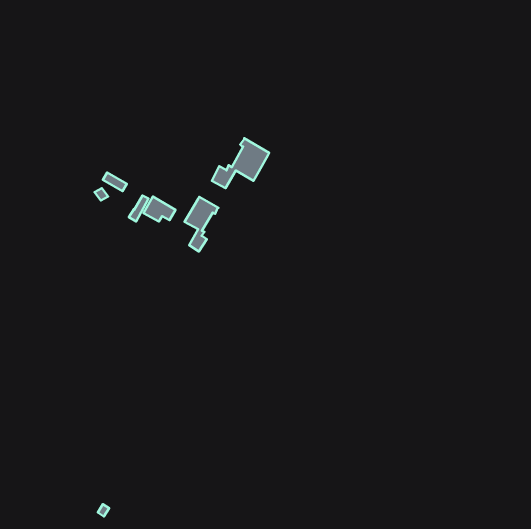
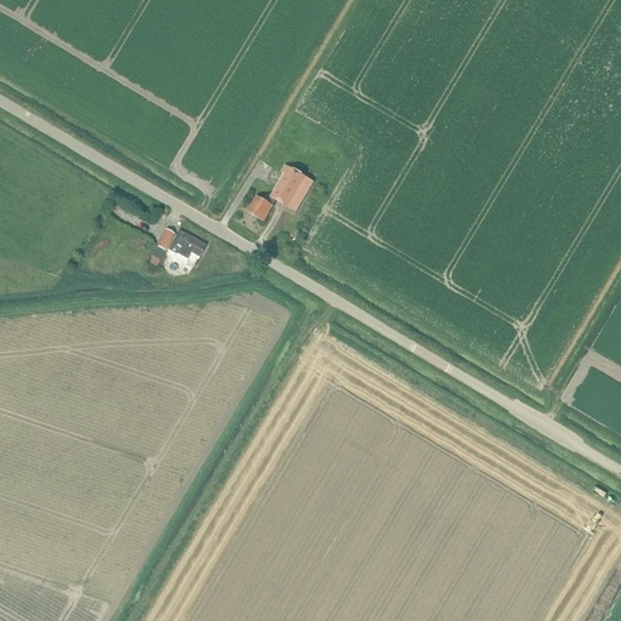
building: [185,197,218,251] -> none

